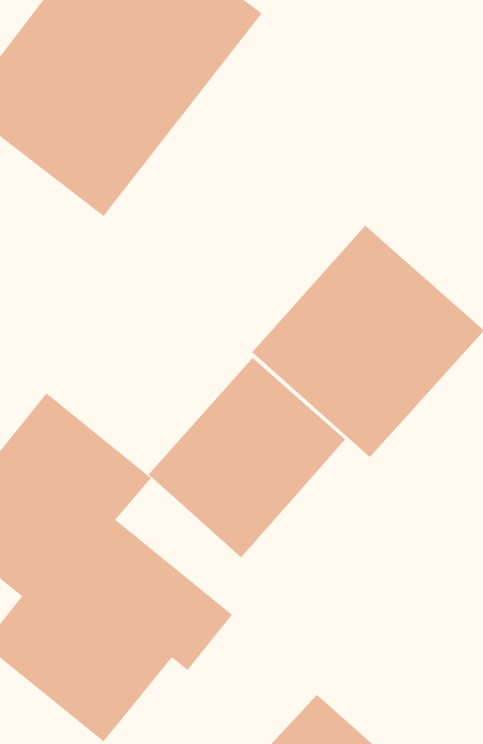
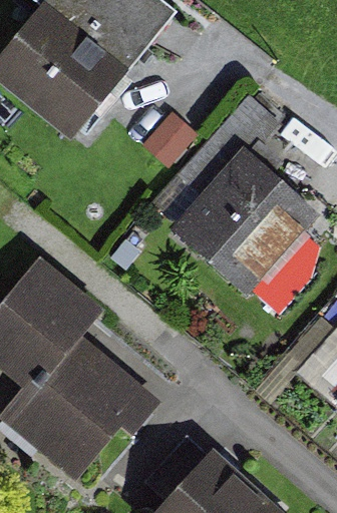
building: [148,357,346,558] -> none

